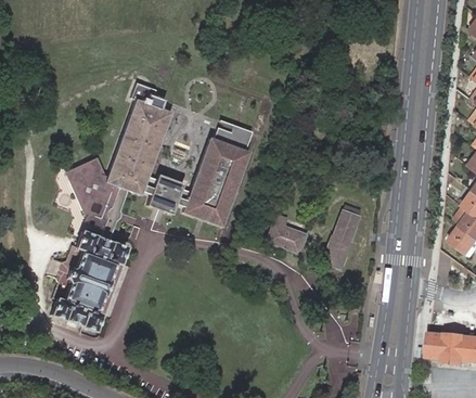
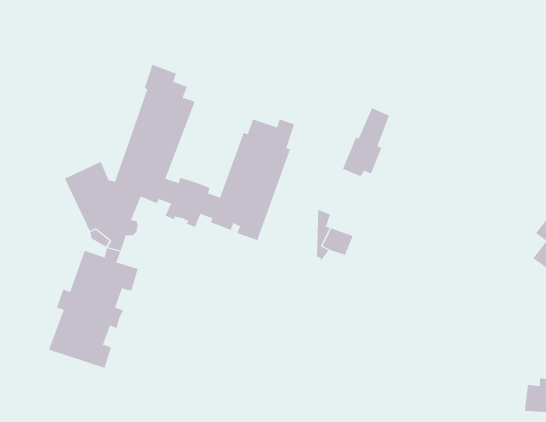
building: [322,211,361,268] -> [342,108,390,177]
building: [427,335,453,361] -> none

